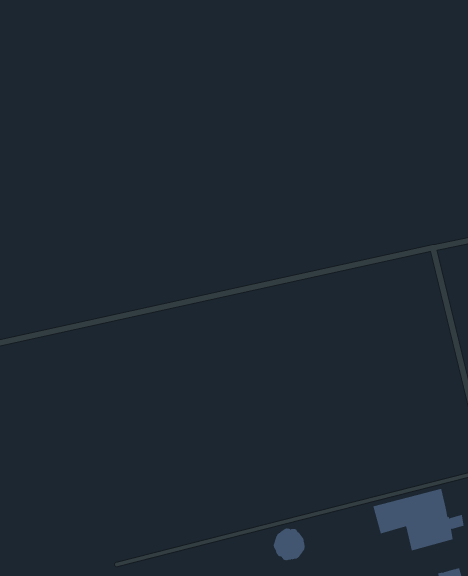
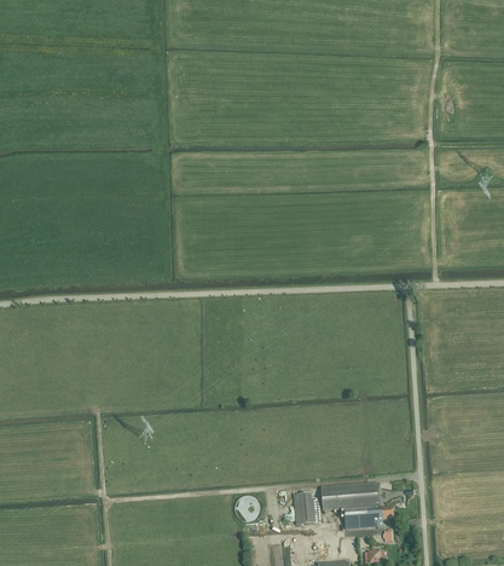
building: none -> [292,492,320,524]

